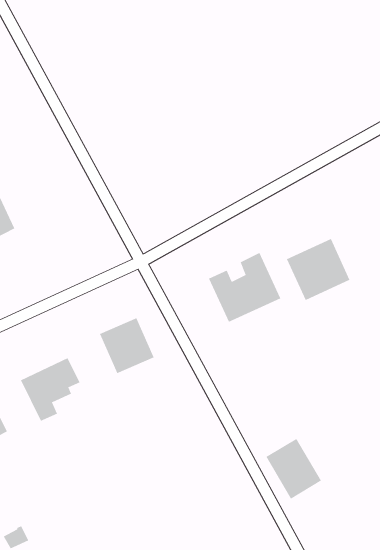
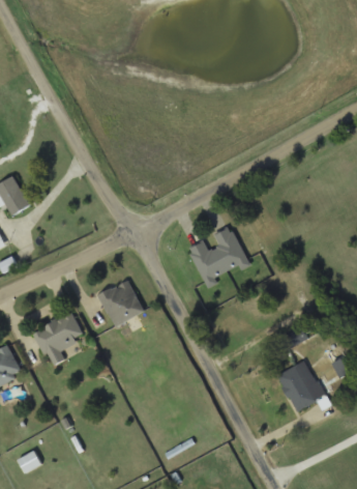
building: [286,238,350,301] -> none
building: [265,438,322,499] -> [277,358,324,409]

